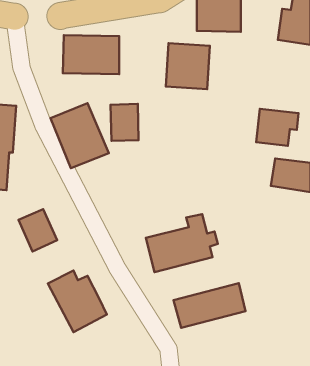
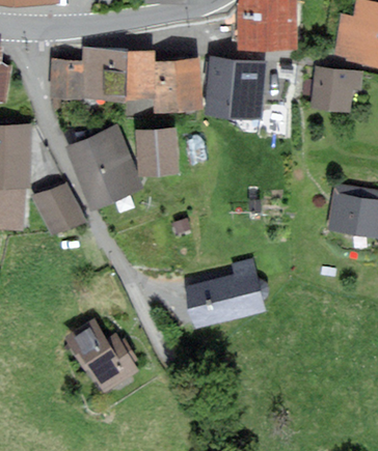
building: none -> [155,59,199,108]
building: none -> [50,60,83,96]
building: [256,109,299,146] -> [310,69,360,113]
building: [18,209,57,251] -> [36,184,82,233]
building: [174,283,245,328] -> none

